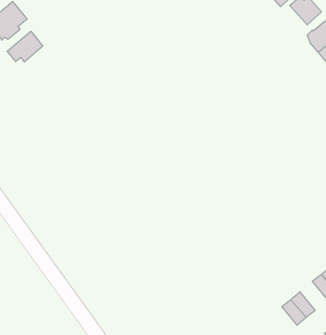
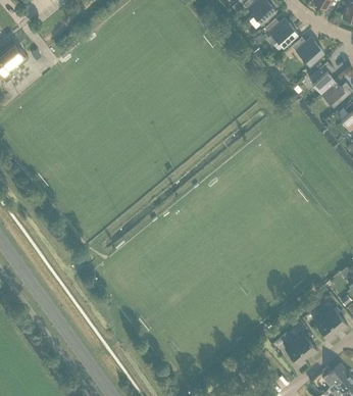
building: [7,31,43,62] -> none

